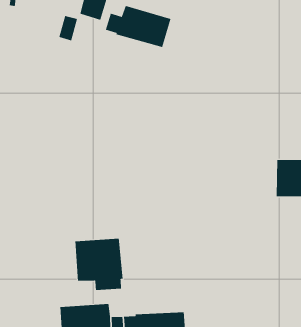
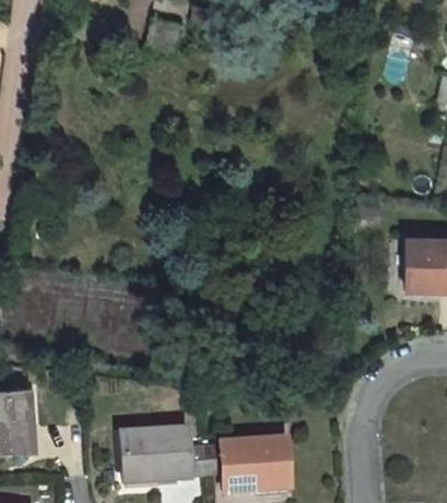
building: [105,5,171,48] -> none
building: [75,238,123,291] -> none

